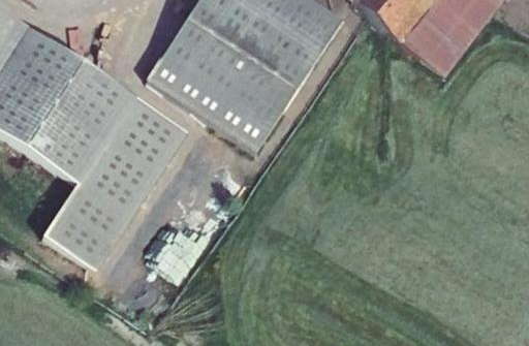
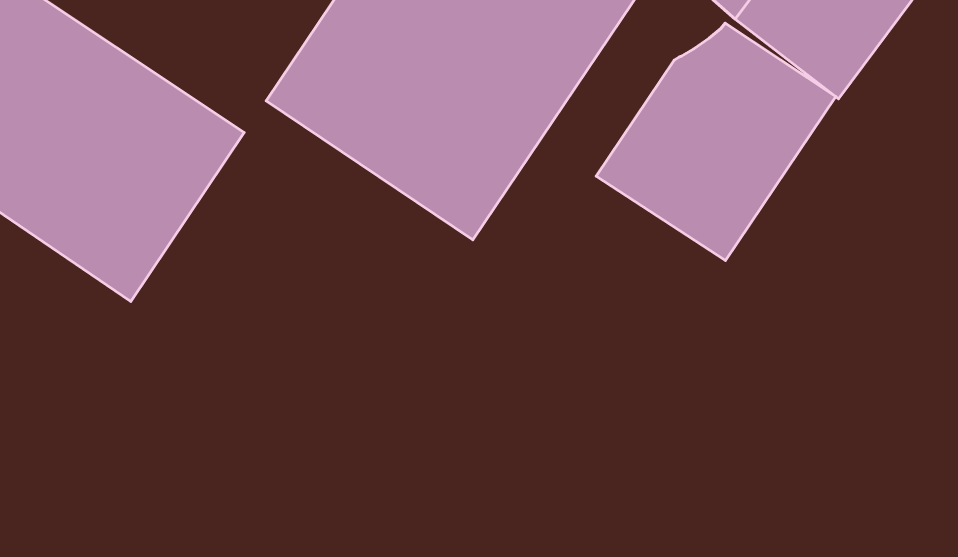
building: none -> [596,23,836,260]
building: [42,95,187,268] -> none

